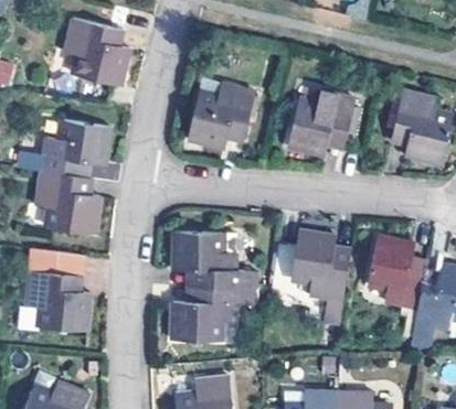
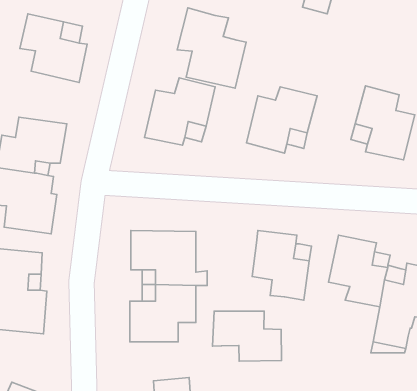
building: none -> [177,8,246,88]
building: none -> [213,311,282,361]

